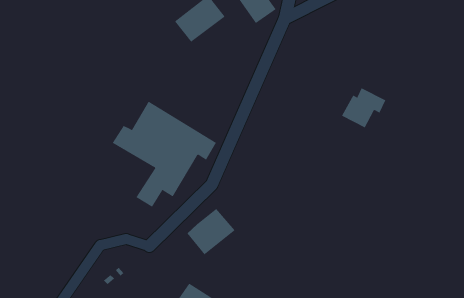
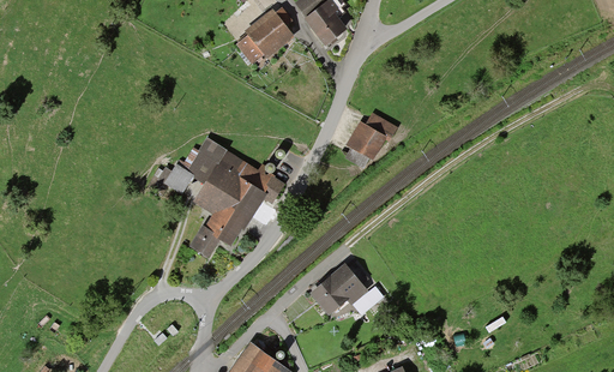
building: [341,88,386,128] -> [347,113,398,160]
building: [186,208,235,255] -> [312,264,368,318]

